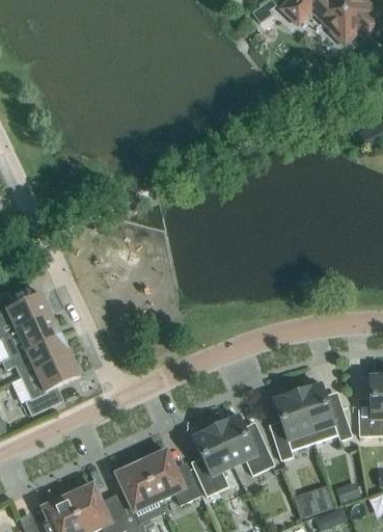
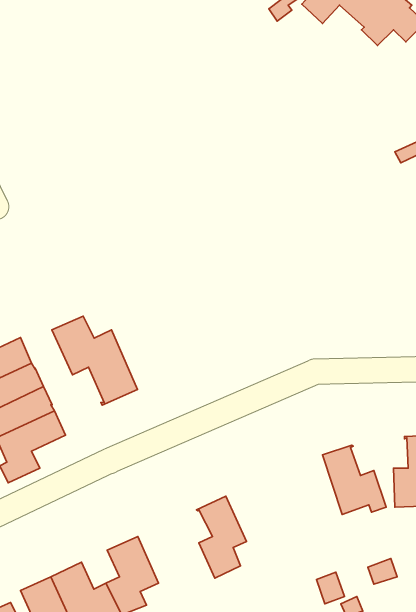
building: none -> [52,316,138,405]
building: [271,391,314,459] -> none
building: [216,415,274,474] -> none
building: [141,448,201,504] -> none

